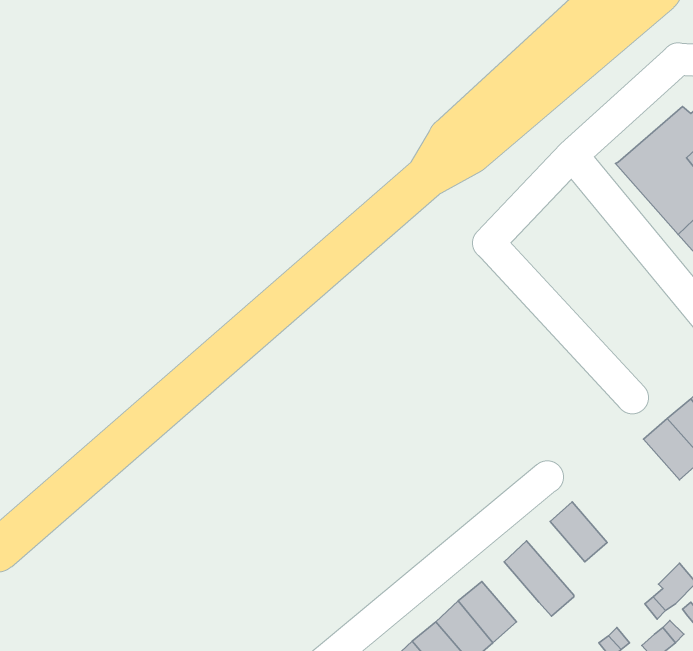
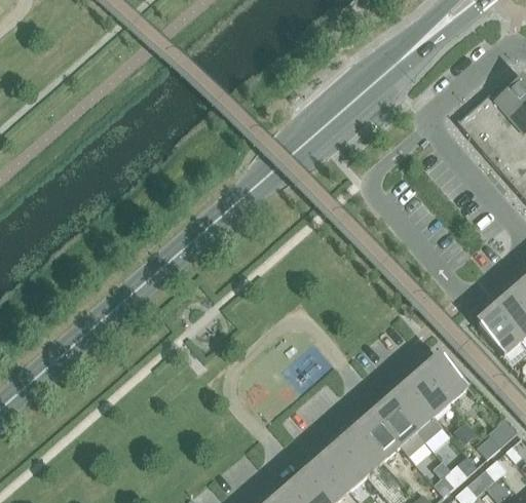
building: none -> [424,356,467,400]
building: none -> [390,385,442,439]
building: none -> [358,415,400,459]

